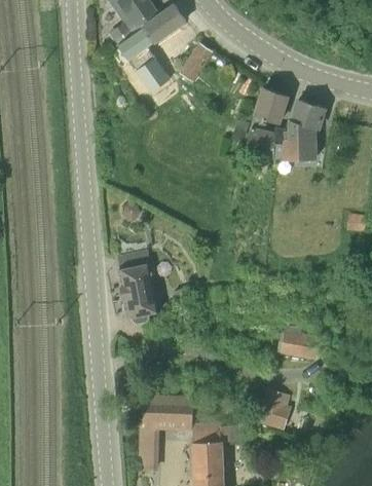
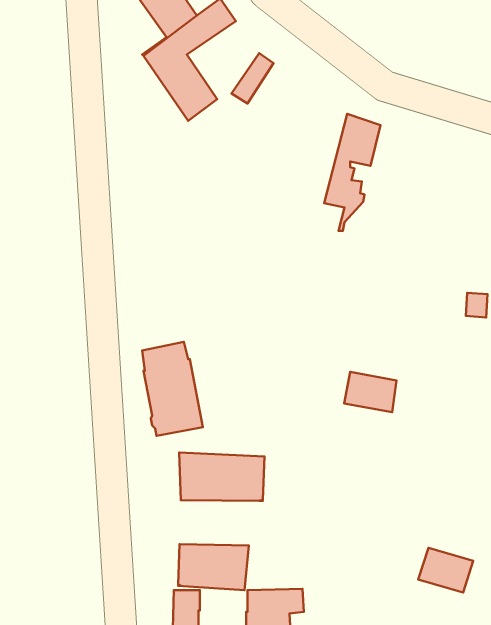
building: [260,98,324,172] -> none
building: none -> [179,453,264,501]
building: [281,331,318,360] -> [344,372,396,412]
building: [250,399,289,431] -> [418,548,473,592]

